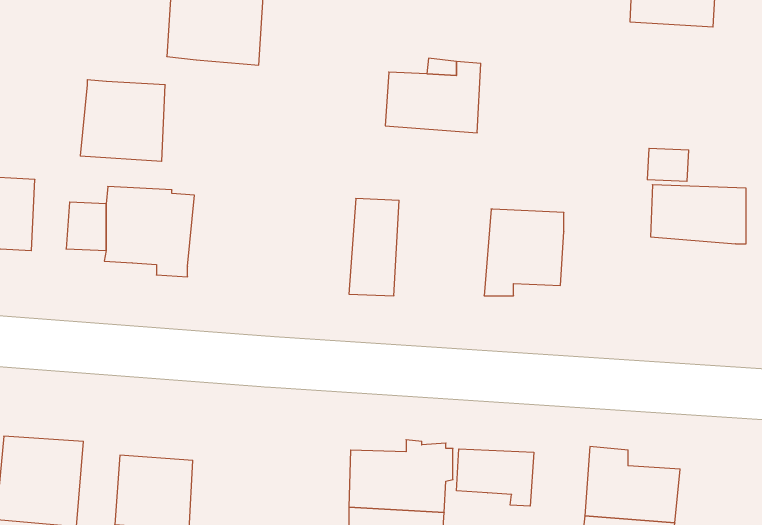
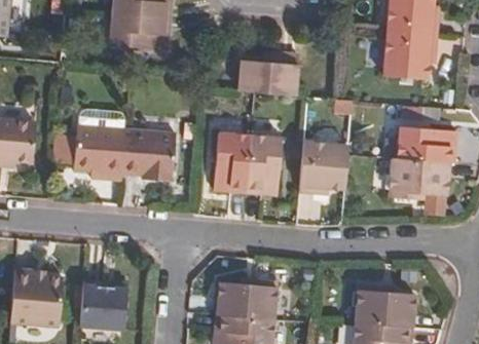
building: none -> [383,29,435,75]
building: [80,80,165,161] -> [123,128,174,177]
building: none -> [246,135,274,193]
building: none -> [391,156,448,197]
building: [457,449,534,506] -> none

